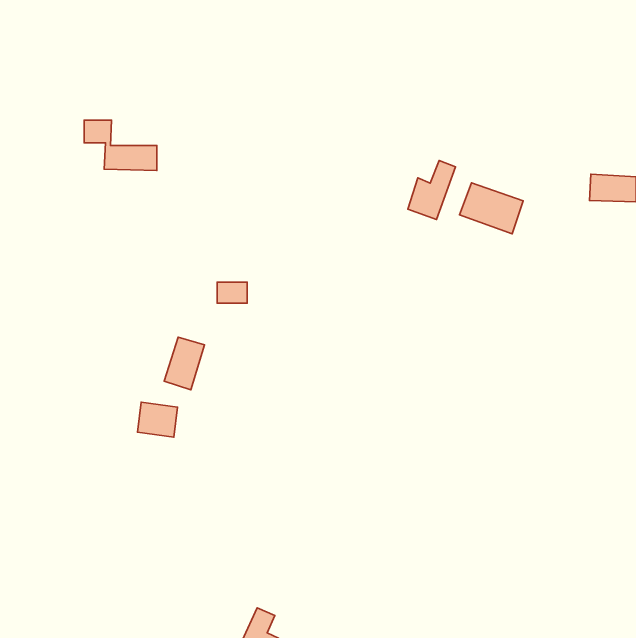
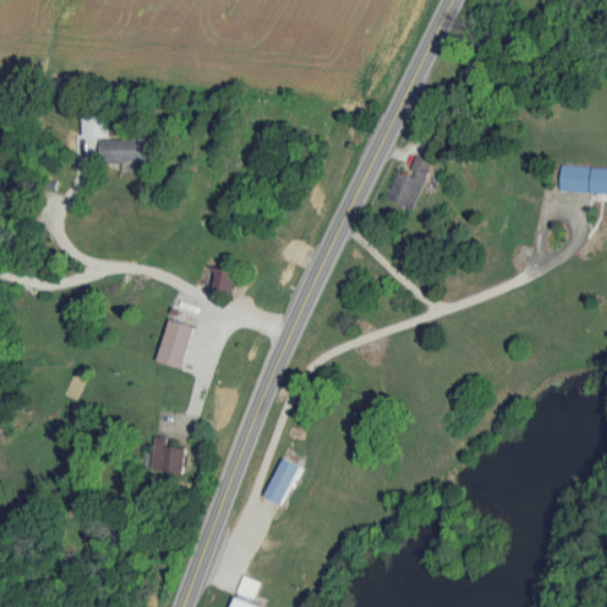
building: [460,183,523,234] -> none
building: [137,402,178,437] -> [148,441,186,474]
building: none -> [262,458,300,506]

